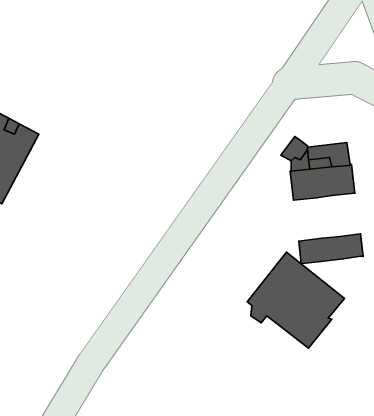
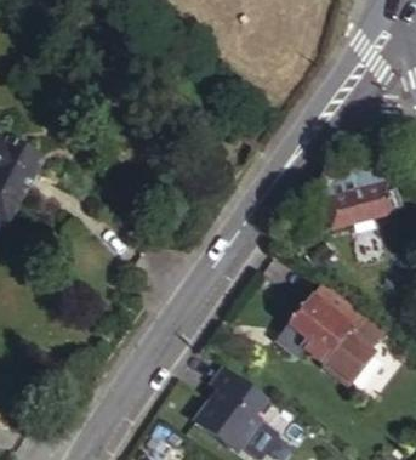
building: [299,234,363,264] -> none
building: none -> [198,367,269,448]

